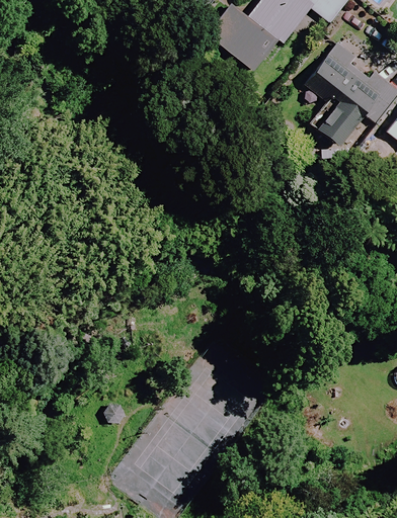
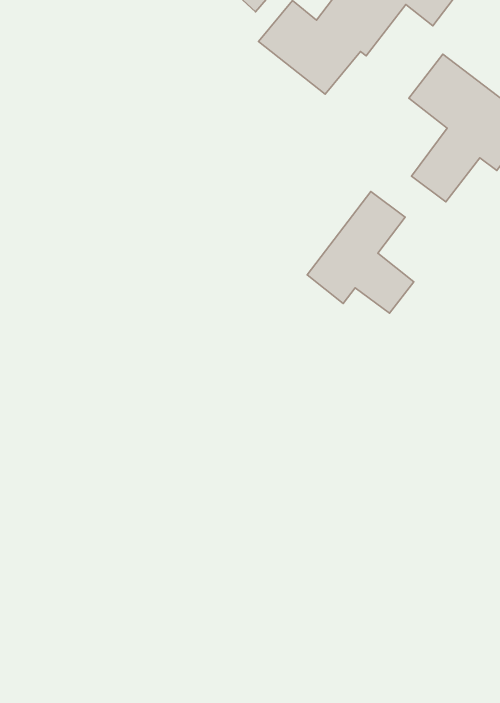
building: none -> [307,192,414,313]

